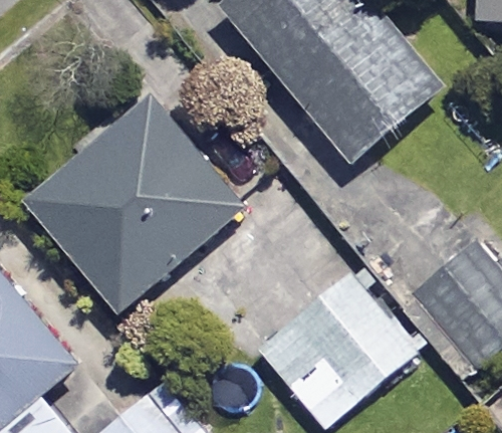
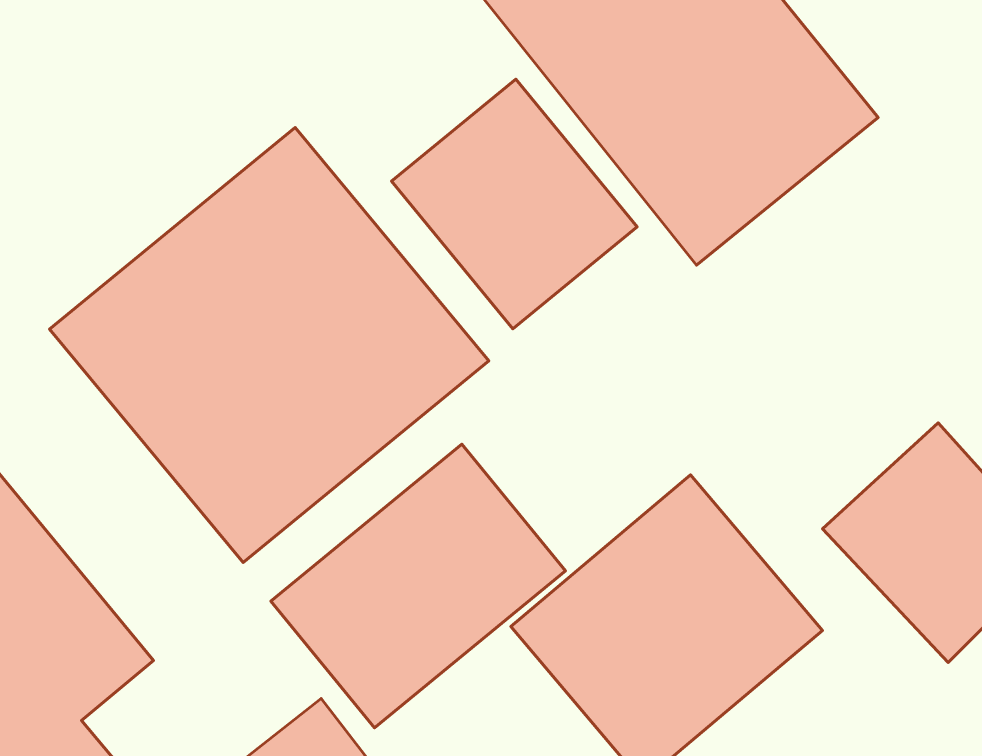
building: none -> [392,79,637,329]
building: none -> [271,444,566,728]

